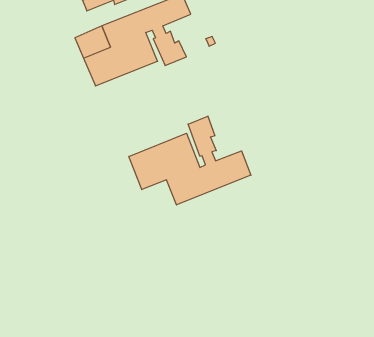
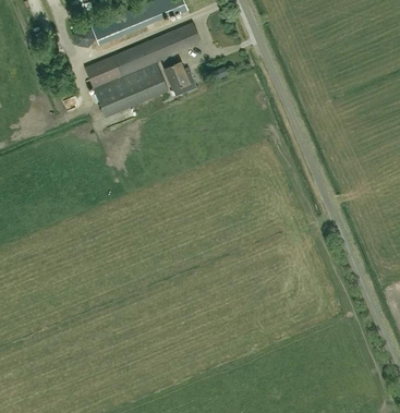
building: [129,116,251,205] -> none

